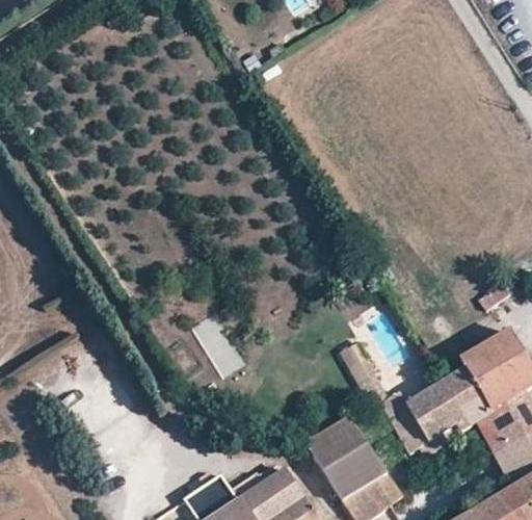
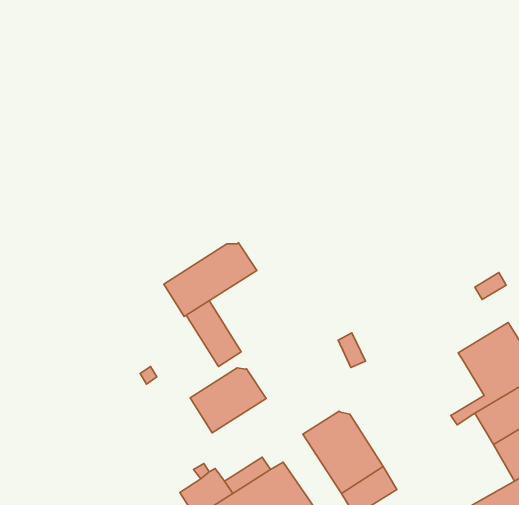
building: none -> [164,243,257,316]
building: [381,371,487,446] -> none
building: none -> [190,368,266,433]

